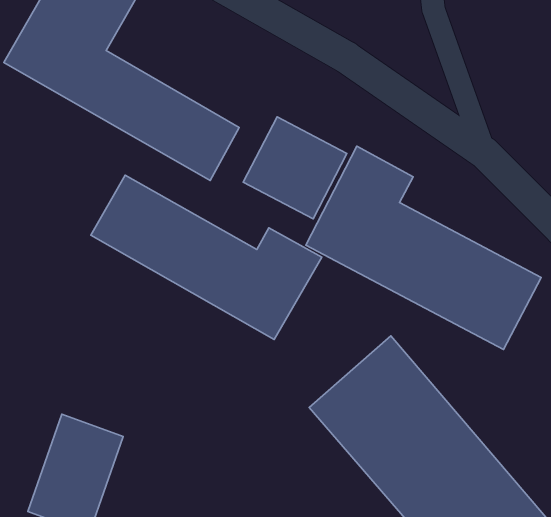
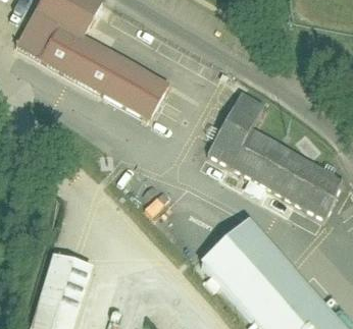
building: [243,117,347,219] -> none
building: [91,175,322,340] -> none

